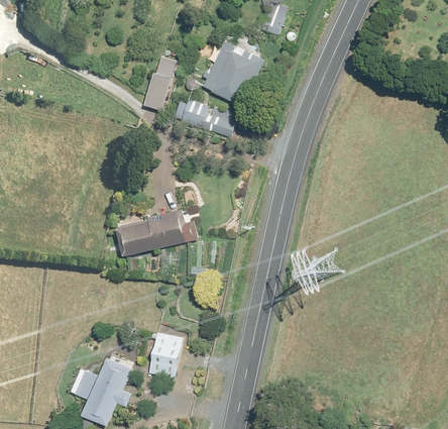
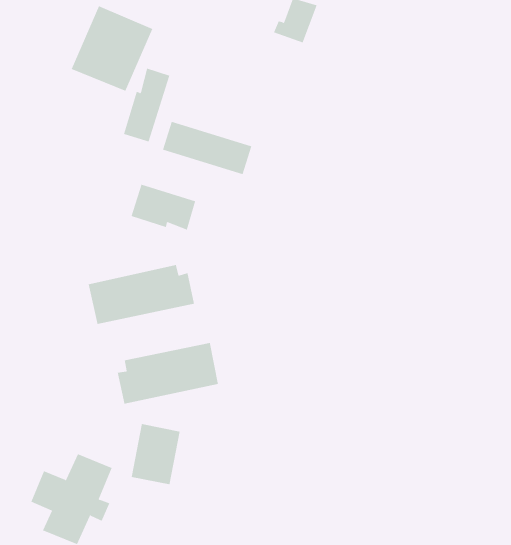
building: [202,41,265,108] -> [71,5,153,91]
building: none -> [131,184,196,231]
building: none -> [117,342,219,405]

